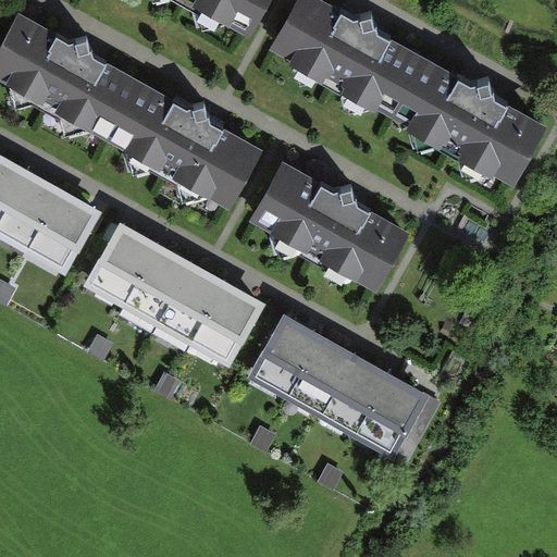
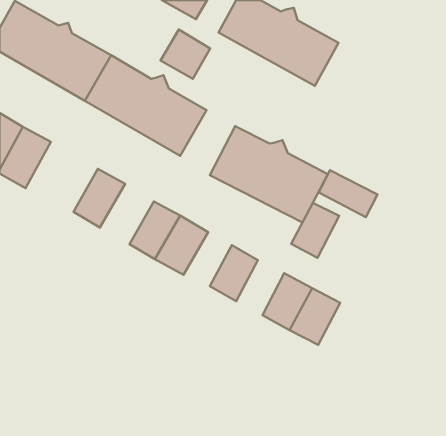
building: none -> [161,29,210,79]
building: [392,67,541,187] -> none
building: [32,190,99,268] -> none
building: none -> [319,170,378,217]
building: [124,243,191,318] -> none
building: [294,337,354,406] -> [291,203,339,258]

